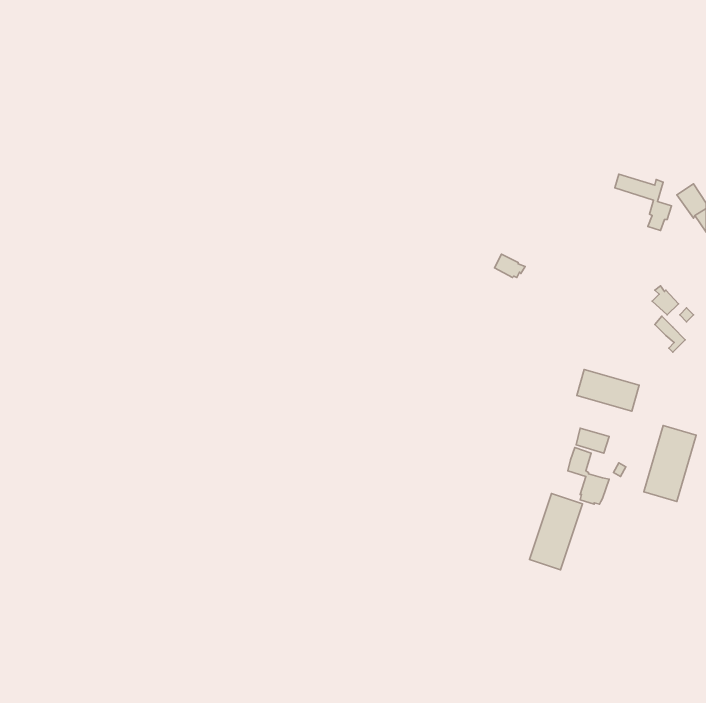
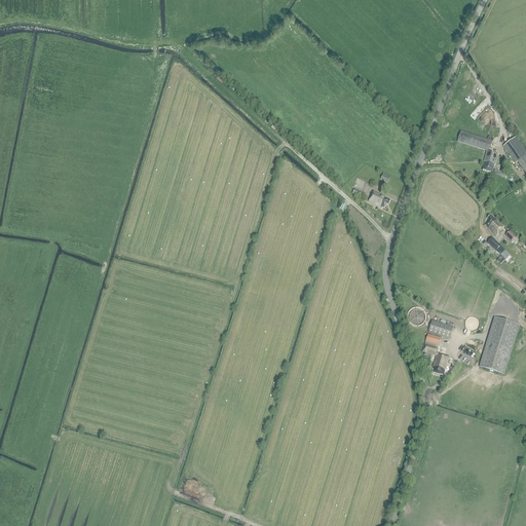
building: [577,370,639,411] -> none
building: [530,493,582,570] -> none

